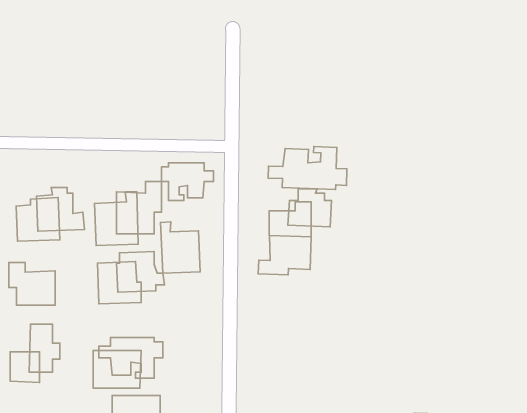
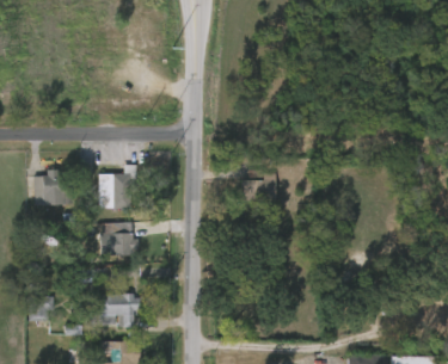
building: [268,147,347,189] -> none
building: [162,163,213,200] -> none
building: [161,222,200,273] -> none
building: [258,235,311,275] -> none
building: [9,263,55,305] -> none

